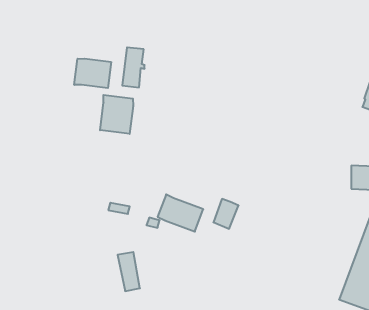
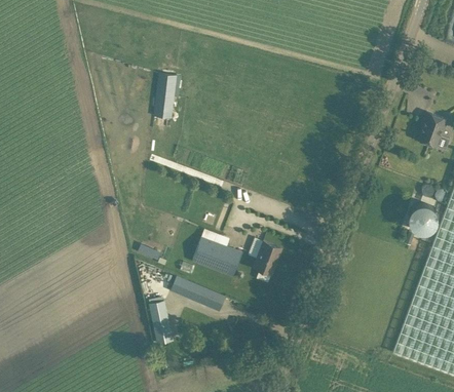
building: [74,59,111,88] -> none
building: [100,95,133,134] -> none
building: none -> [169,276,225,312]

